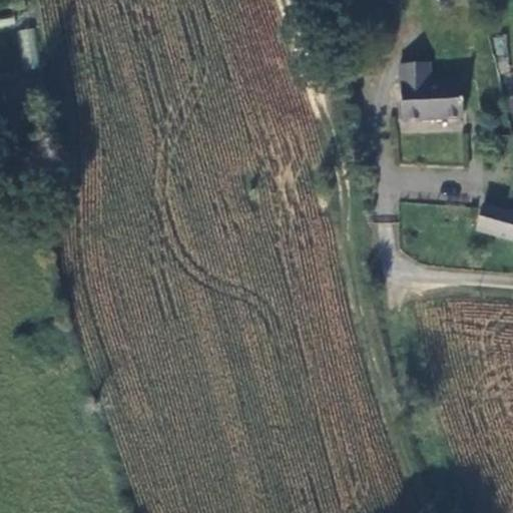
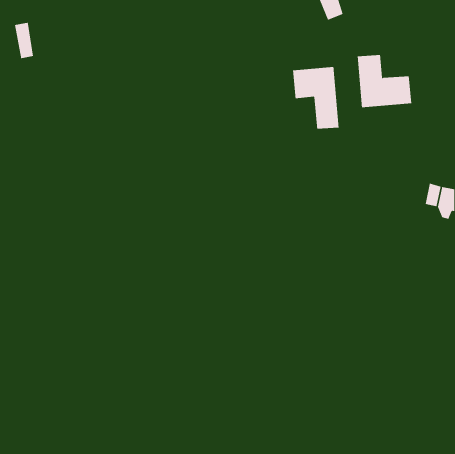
building: none -> [292,66,339,130]

